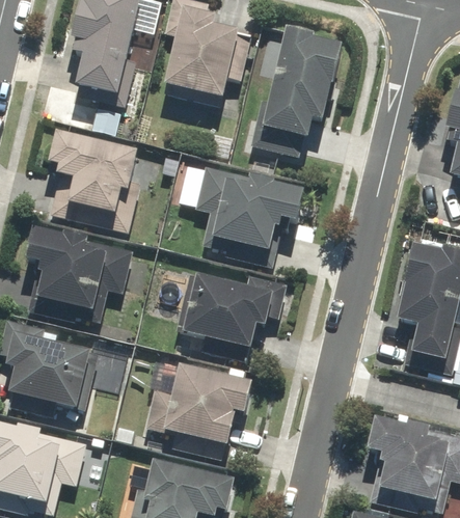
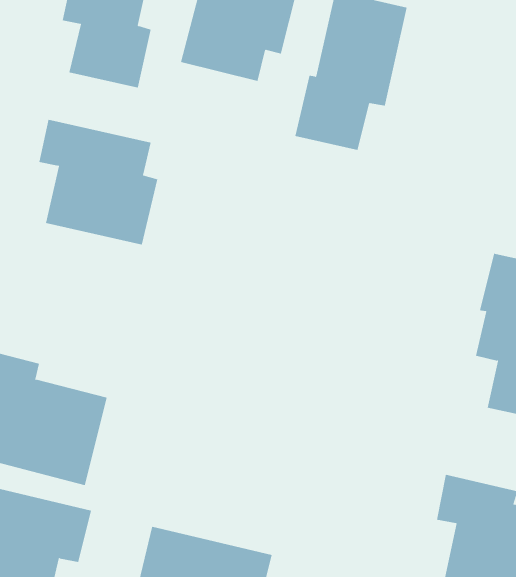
building: [196,163,302,266] -> none
building: [24,226,134,320] -> none
building: [175,273,290,359] -> none
building: [148,357,256,457] -> none

